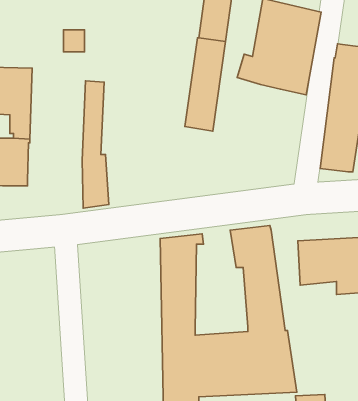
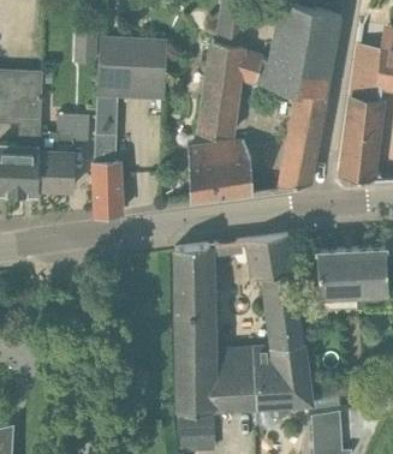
building: none -> [97,38,167,90]
building: none -> [281,95,324,187]
building: none -> [37,114,89,190]
building: none -> [186,142,252,201]

